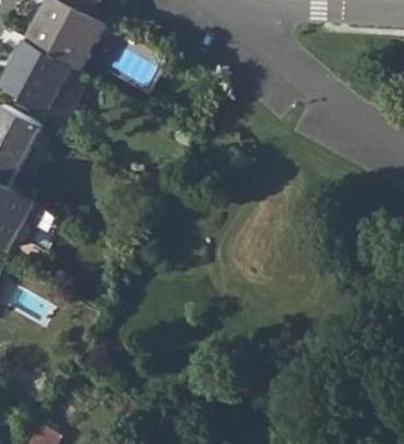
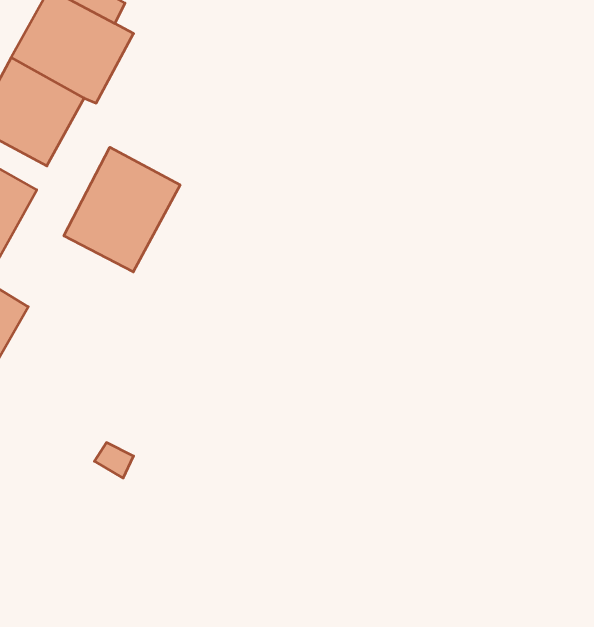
building: none -> [64,147,180,272]

